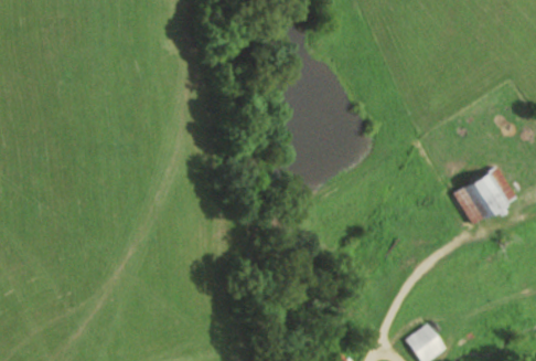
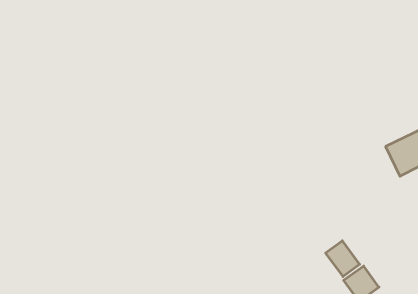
building: none -> [326,241,360,277]

